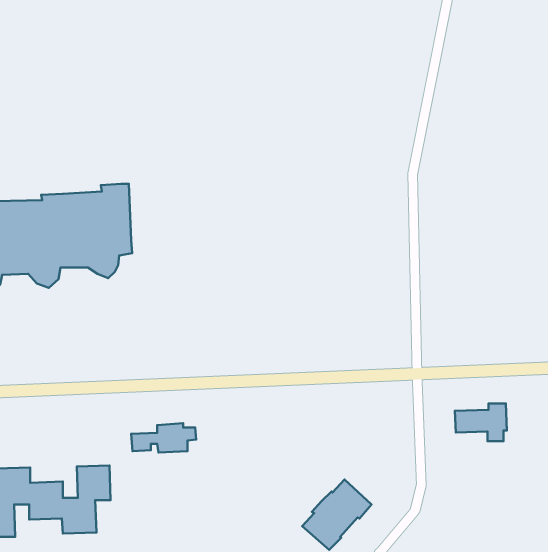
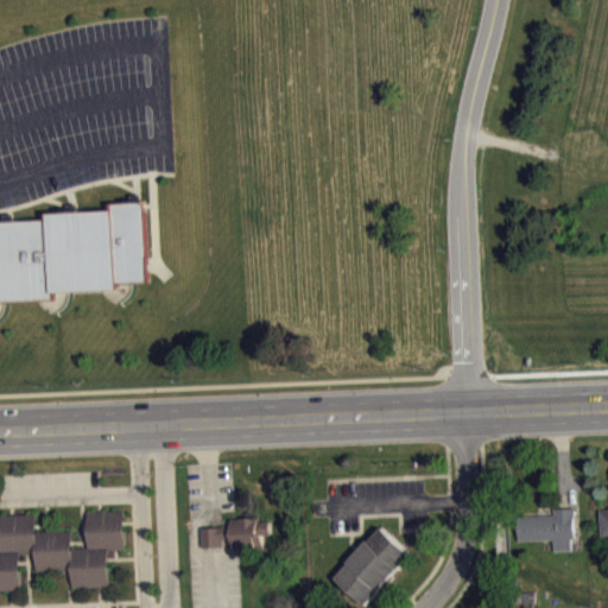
building: [455,403,507,441] -> [512,508,569,550]
building: [131,423,196,452] -> [197,517,268,549]

